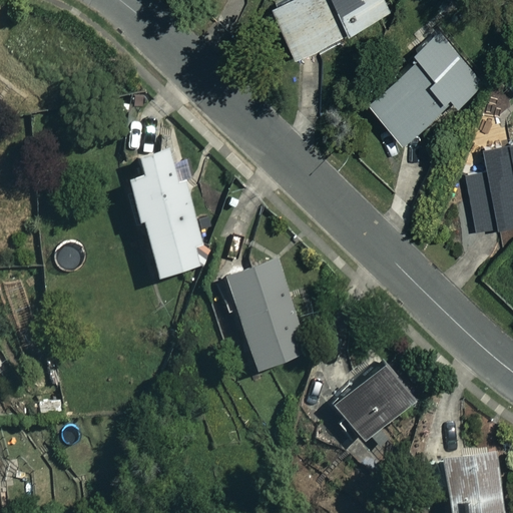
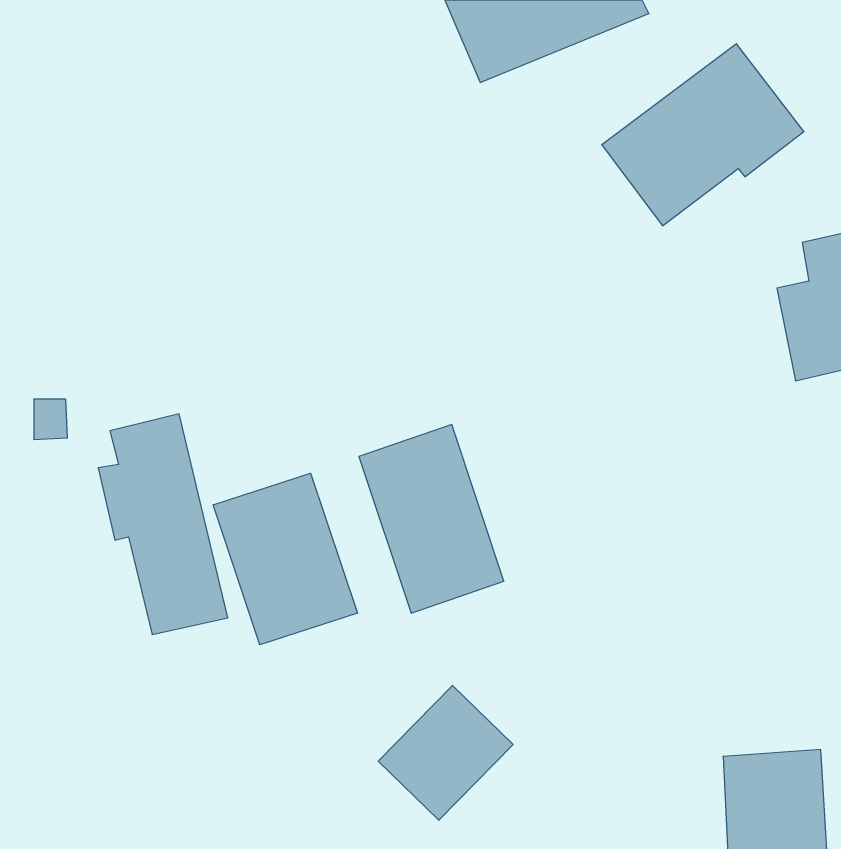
building: [125,146,202,278] -> [98,414,228,635]
building: none -> [213,473,357,645]
building: [331,362,411,442] -> [378,685,513,820]

